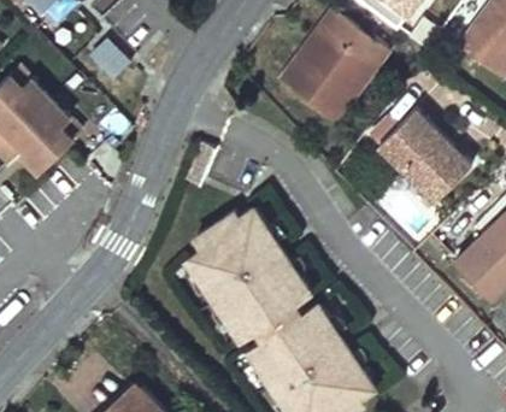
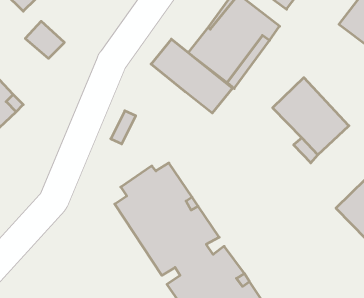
building: none -> [151,39,233,113]

